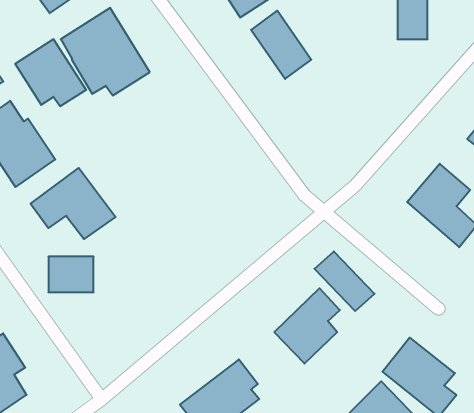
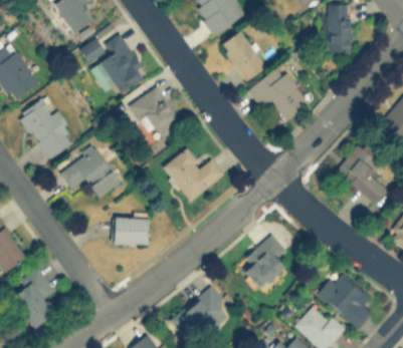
building: [15,39,86,106] -> [129,87,181,136]
building: none -> [247,65,310,123]
building: none -> [162,148,224,203]
building: [314,251,375,311] -> none
building: [48,257,94,292] -> [115,219,148,245]

